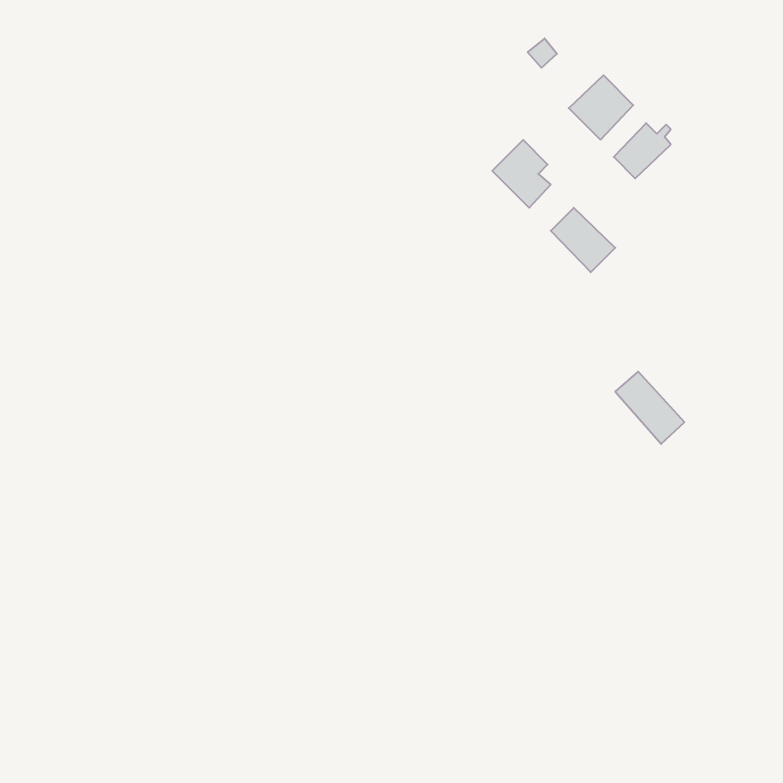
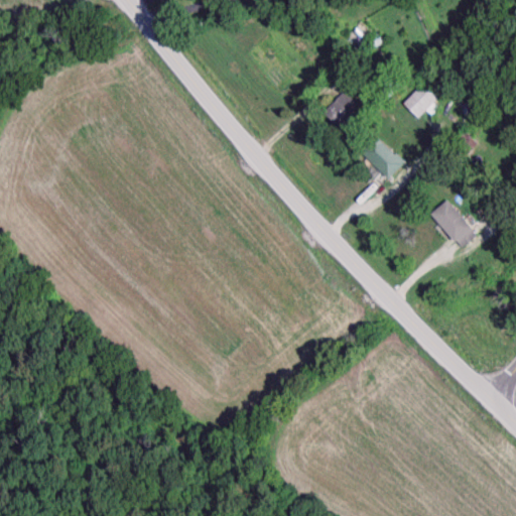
building: [569,75,633,140] -> none
building: [615,372,684,444] -> [431,201,477,248]

